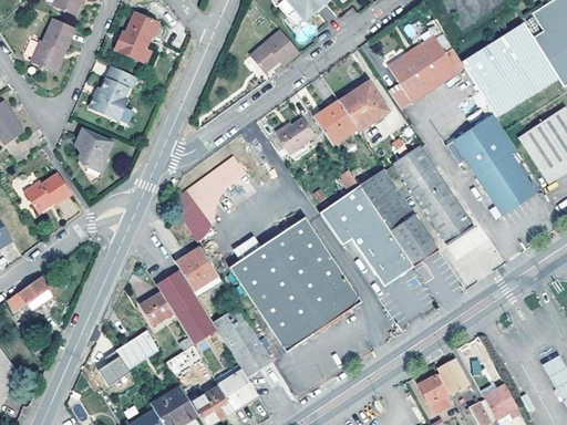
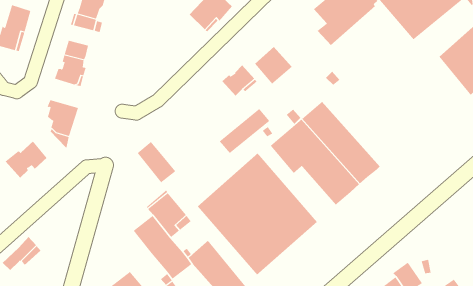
building: [338,83,388,132] -> none
building: [445,115,536,216] -> none
building: [393,147,473,245] -> none
building: [188,158,248,205] -> [219,108,270,154]
building: [140,293,172,325] -> none

